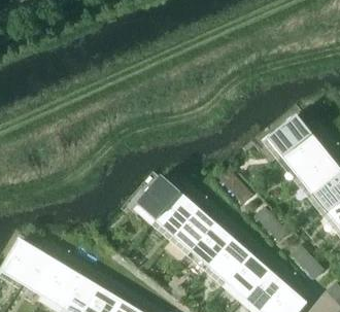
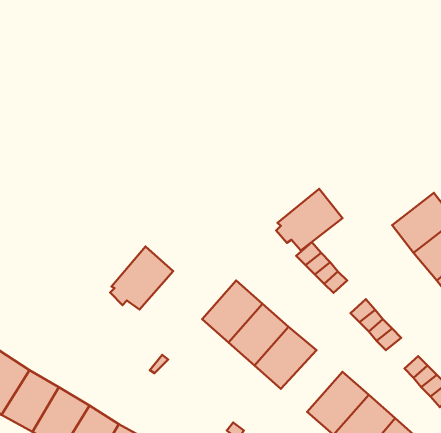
building: [267,116,311,158] -> [276,189,342,251]
building: [137,178,179,220] -> [110,246,173,310]
building: [209,241,250,282] -> none

